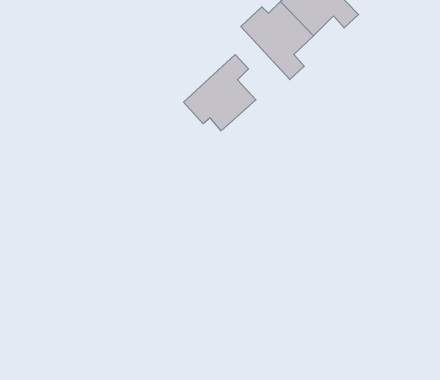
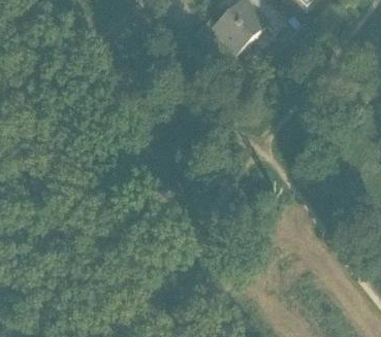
building: [184,55,256,131] -> none

